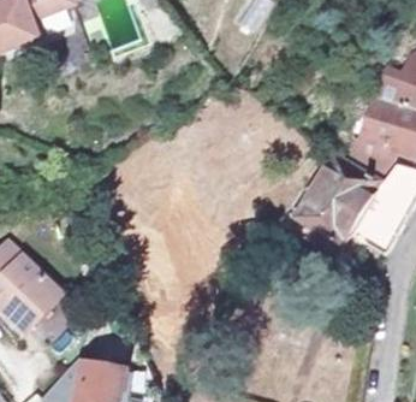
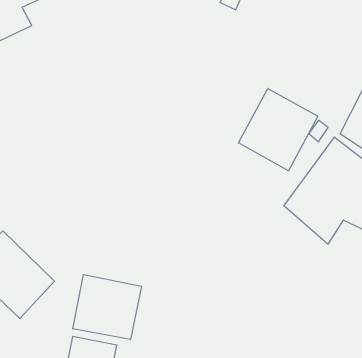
building: none -> [238,88,318,171]
building: none -> [73,275,141,340]

